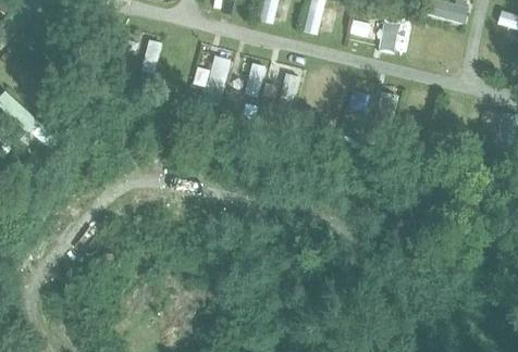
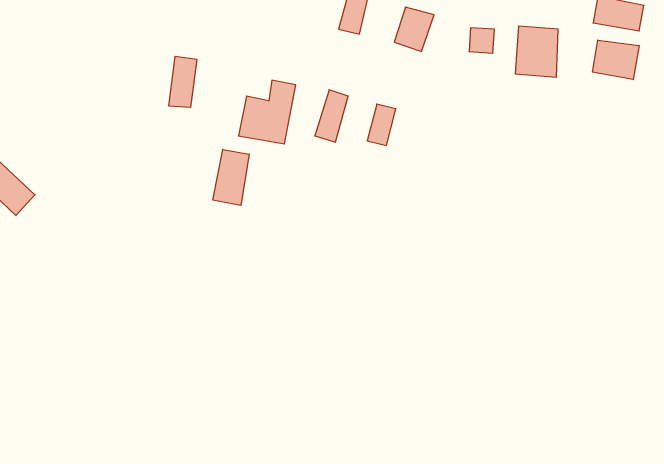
building: none -> [592,40,639,80]
building: none -> [213,149,249,205]

